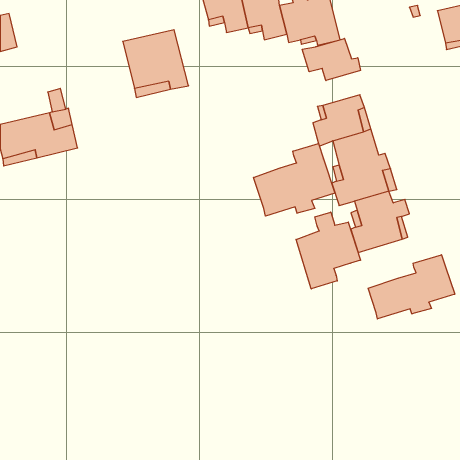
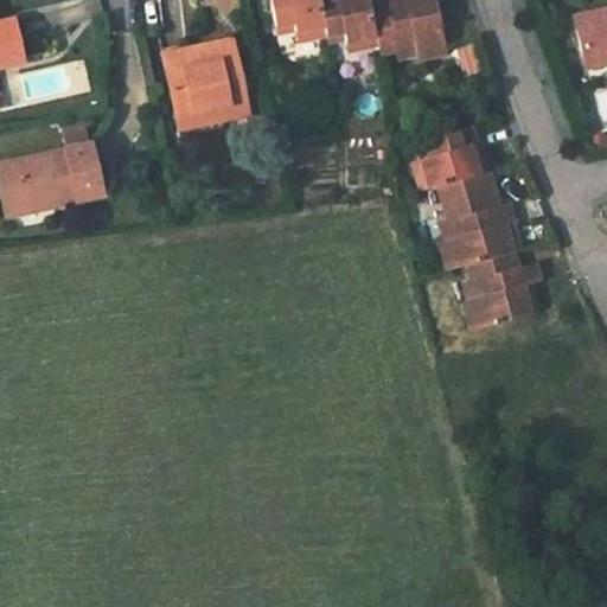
building: [302,38,361,81] -> none
building: [254,143,335,216] -> none
building: [296,212,361,289] -> none
building: [368,255,455,319] -> none

